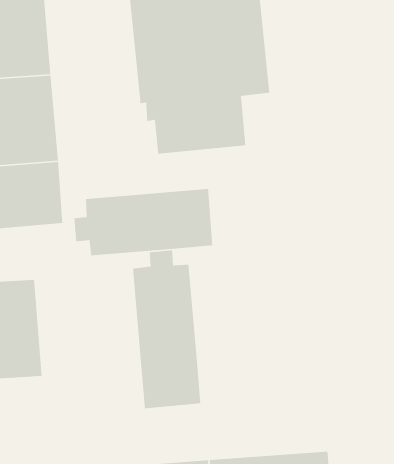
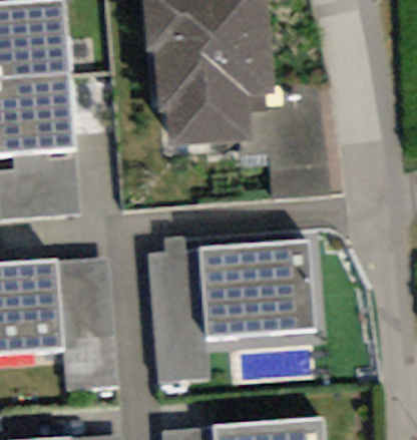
building: [73,188,213,256] -> none
building: none -> [195,240,313,339]
building: none -> [54,258,116,390]

